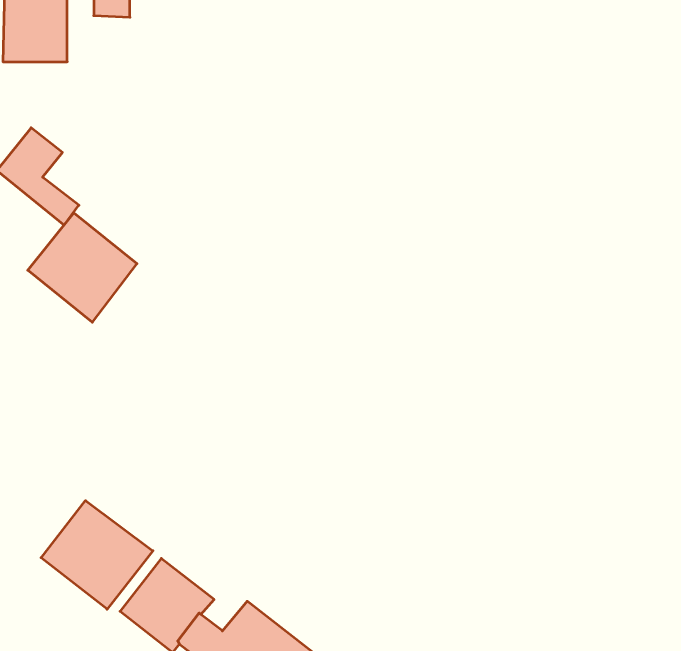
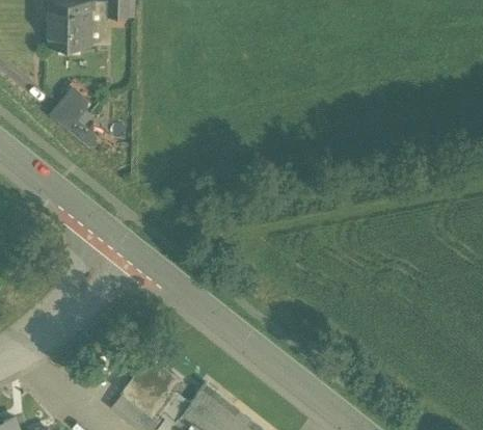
building: [28,213,137,322] -> none
building: [41,501,153,609] -> none

